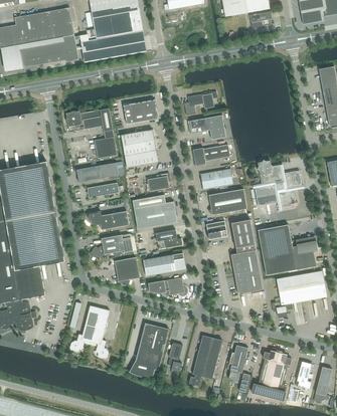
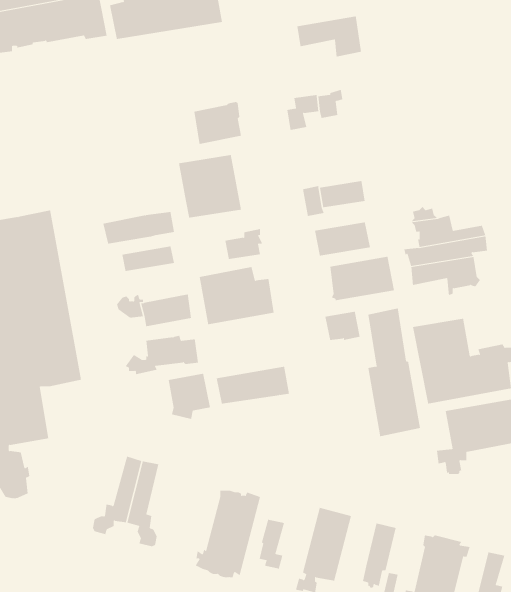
building: [66,108,117,158] -> none
building: [188,115,226,139] -> [296,16,362,57]
building: [156,229,182,248] -> none
building: [149,276,188,295] -> none

